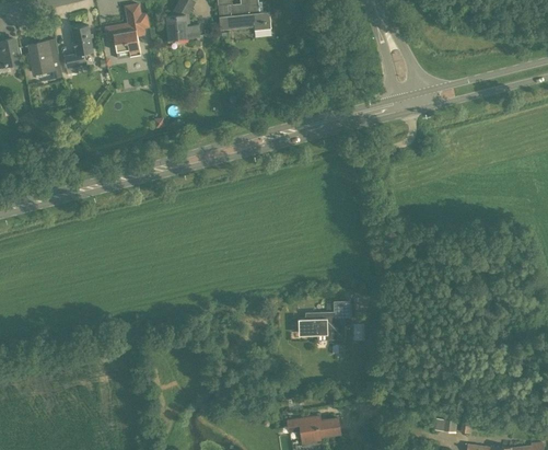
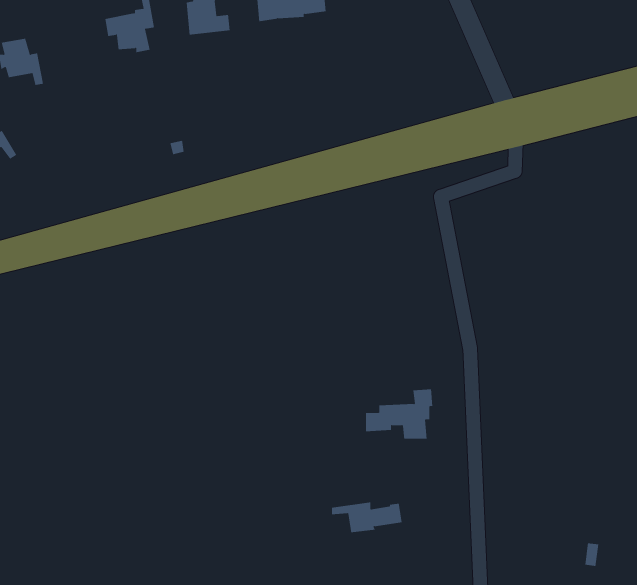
building: [62,25,92,76] -> none
building: [287,416,339,439] -> [331,502,402,533]

